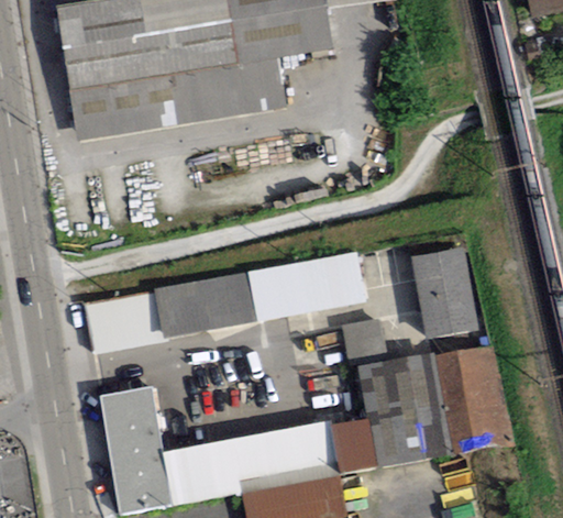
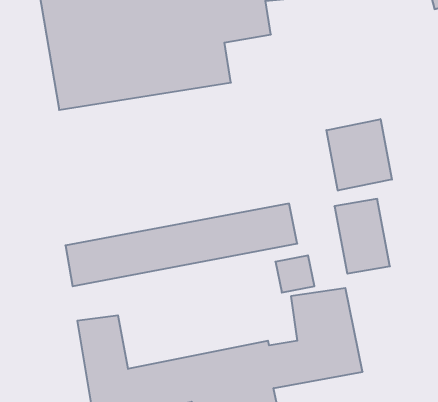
building: none -> [326,119,392,191]
building: [434,342,510,452] -> none

